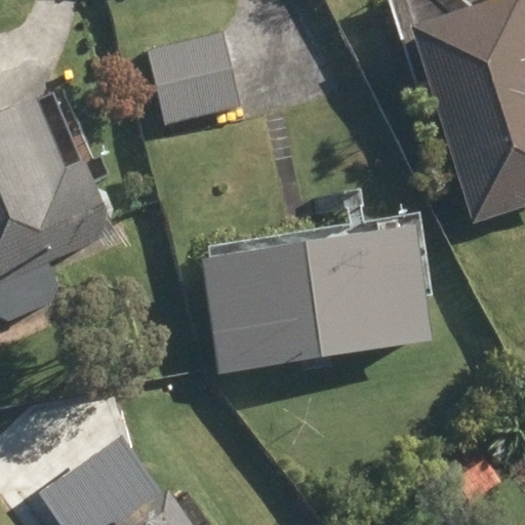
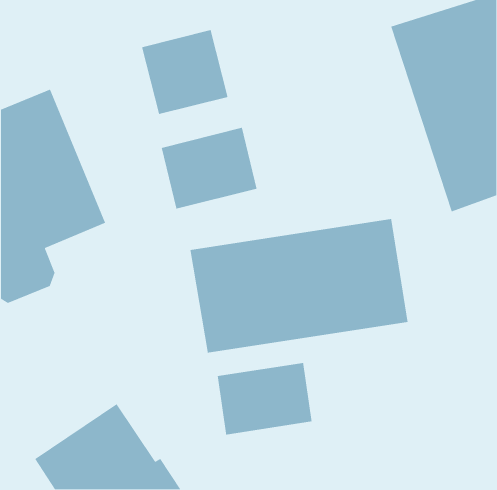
building: none -> [161,127,257,210]
building: none -> [217,362,313,435]

